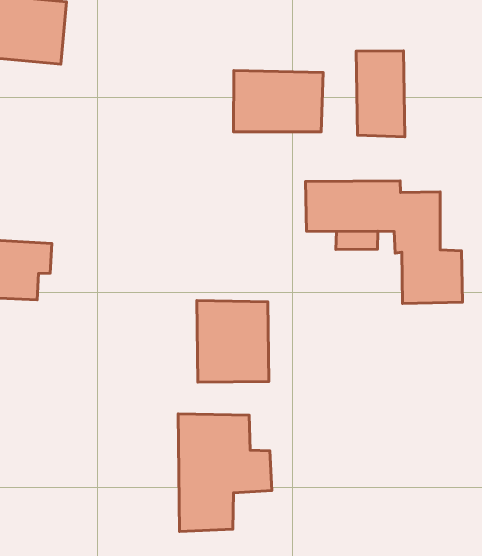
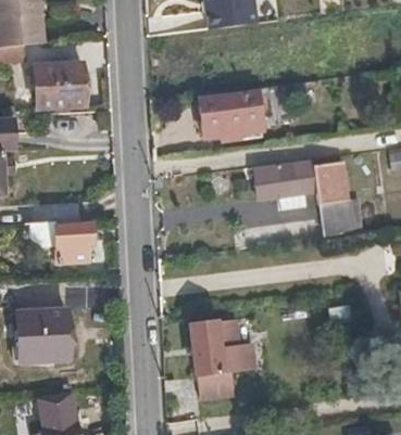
building: [356,51,405,137] -> none
building: [197,301,269,382] -> none

